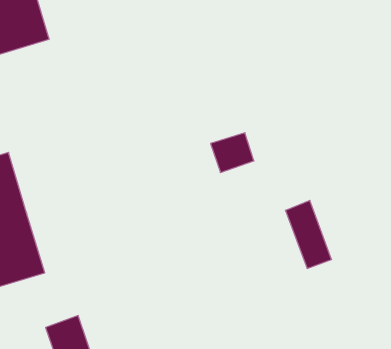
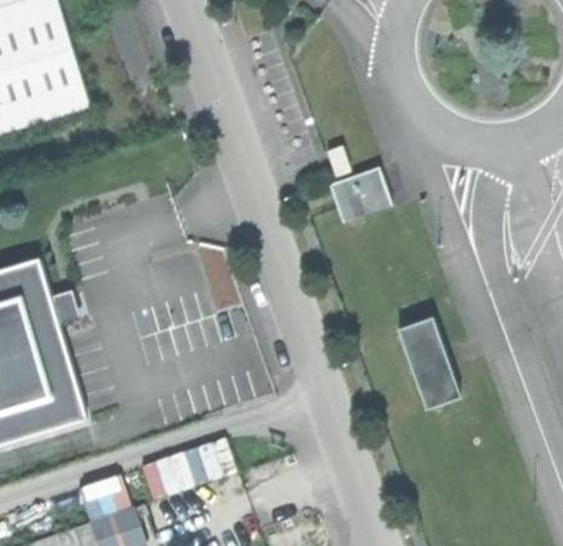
building: [211,133,254,173] -> [327,165,385,218]
building: none -> [145,438,239,499]

